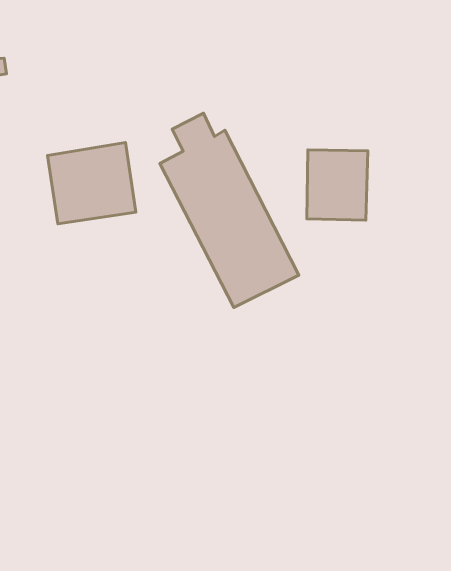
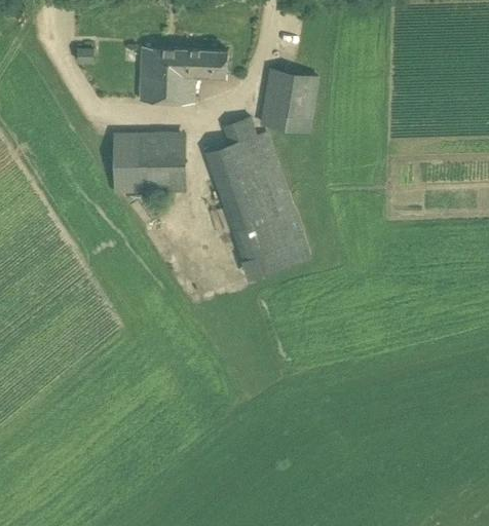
building: none -> [139,47,227,104]
building: [307,150,368,220] -> [260,68,318,133]

